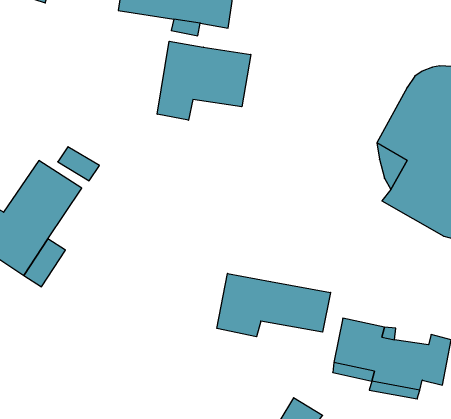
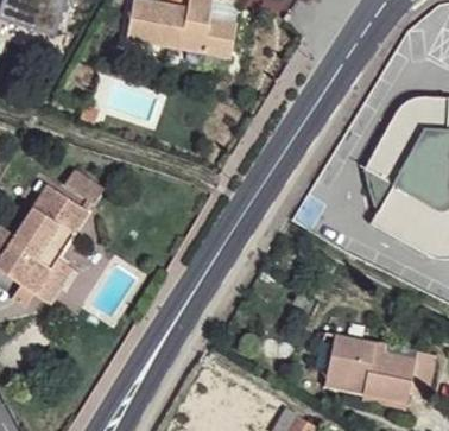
building: [157,41,251,120] -> none
building: [217,273,331,337] -> none

